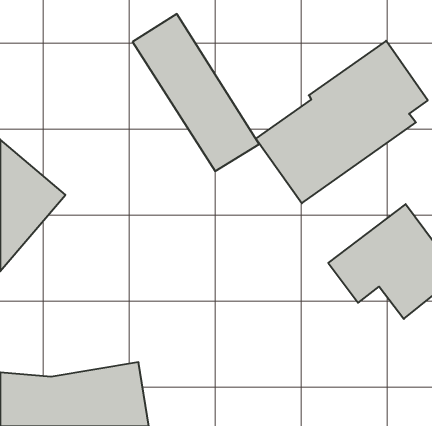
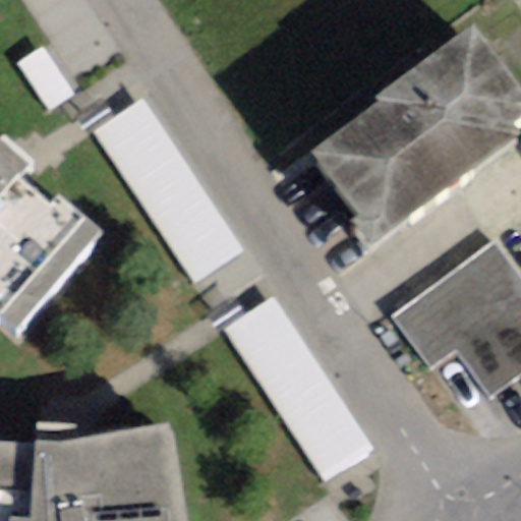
building: [133,14,259,171] -> [93,95,244,283]
building: none -> [224,294,374,482]

